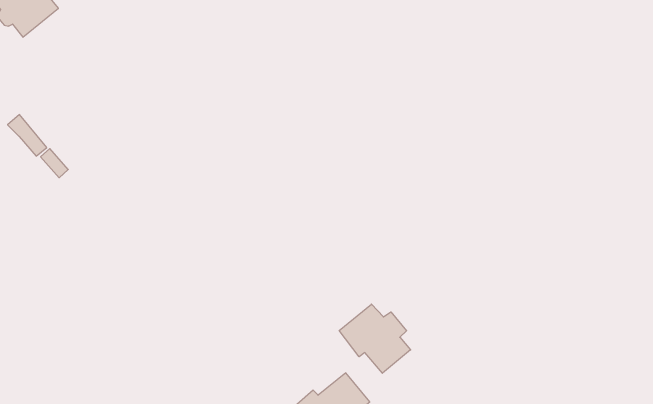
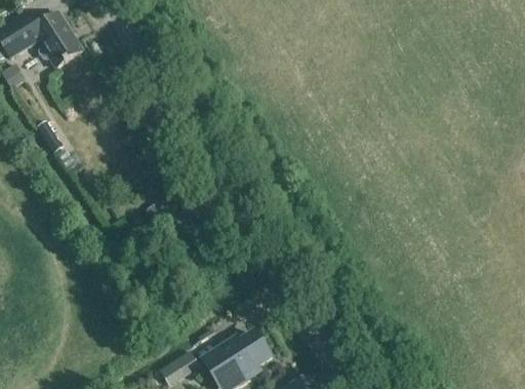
building: [339,304,411,373] -> none

